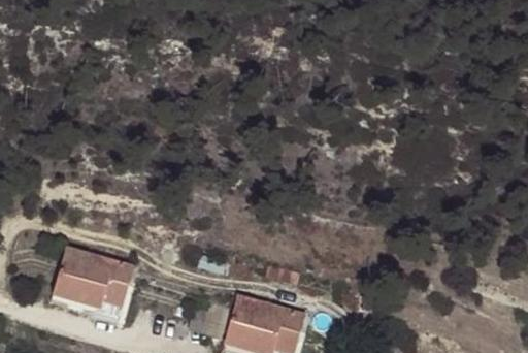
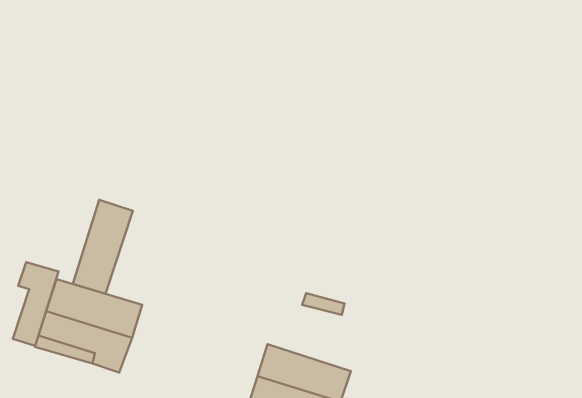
building: none -> [73,200,133,294]
building: none -> [13,262,58,346]

